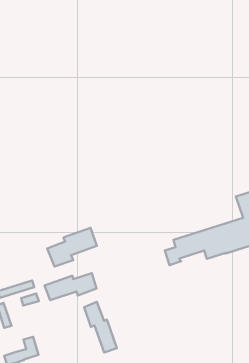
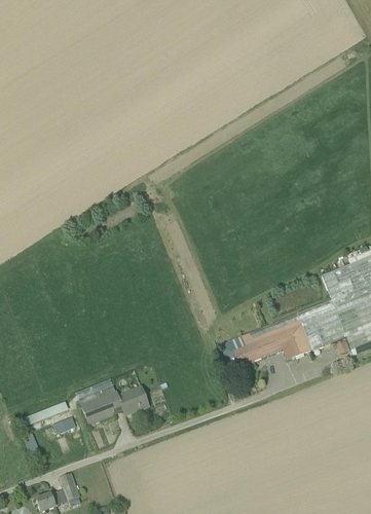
building: [47,228,97,266] -> none
building: [84,302,117,352] -> none

